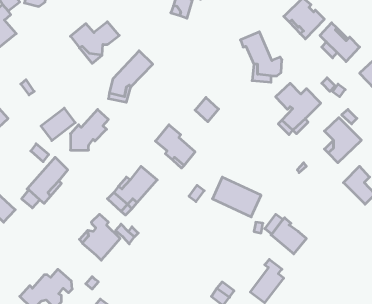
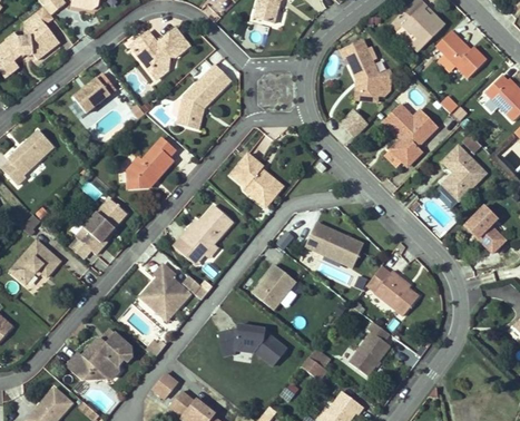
building: [195,97,219,122] -> [339,107,367,137]
building: [41,108,75,141] -> [73,71,116,111]
building: none -> [251,262,301,309]
building: none -> [213,323,287,368]

